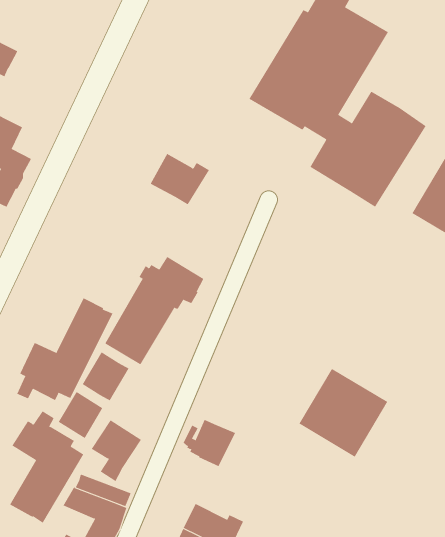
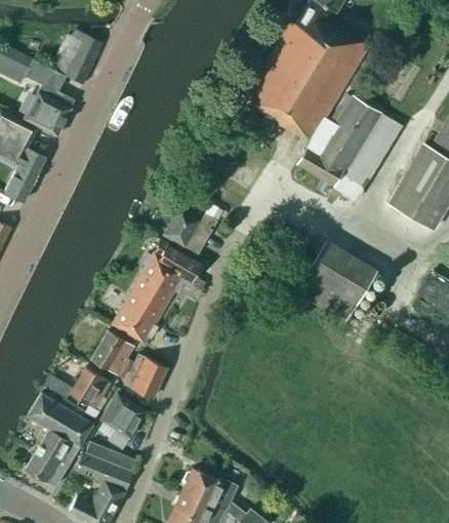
building: none -> [50,29,103,84]
building: none -> [25,84,75,135]
building: [150,153,210,205] -> [164,207,218,254]
building: [17,297,113,401] -> none
building: [299,368,388,458] -> [296,240,377,321]
building: [183,419,236,467] -> [119,354,167,397]

